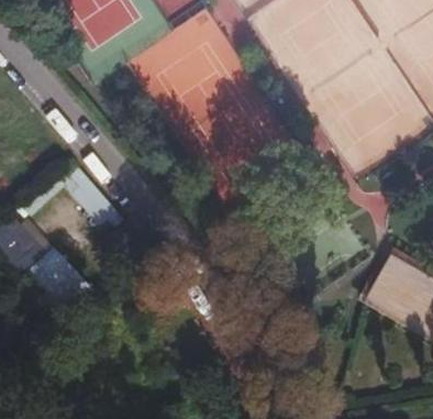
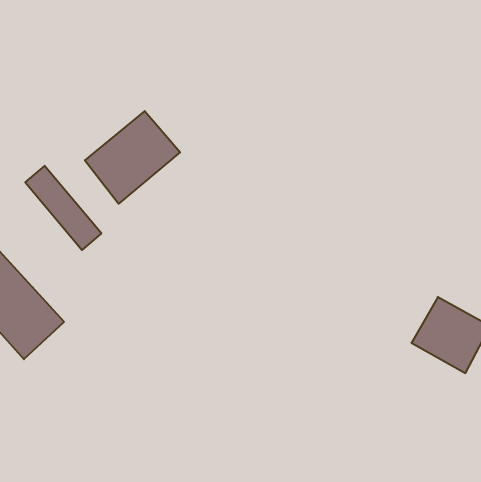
building: none -> [85,111,180,204]

